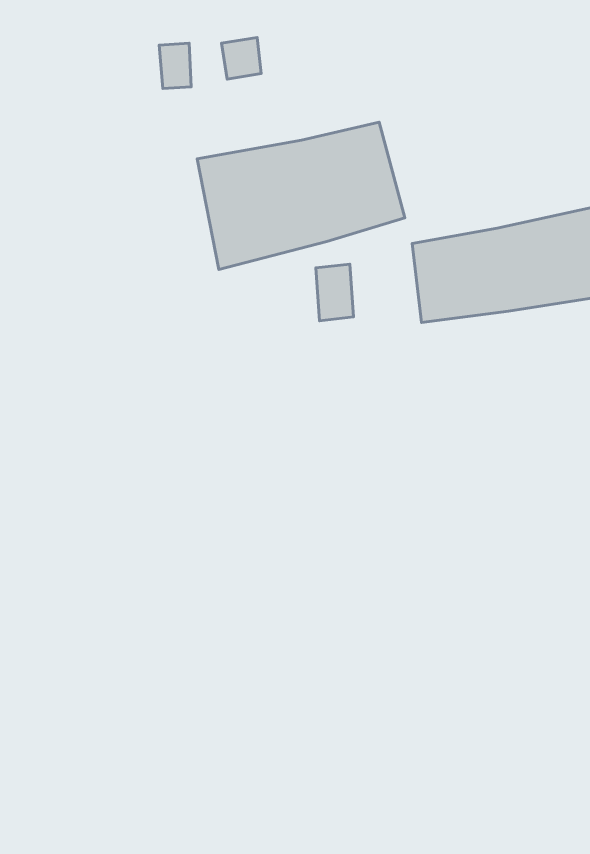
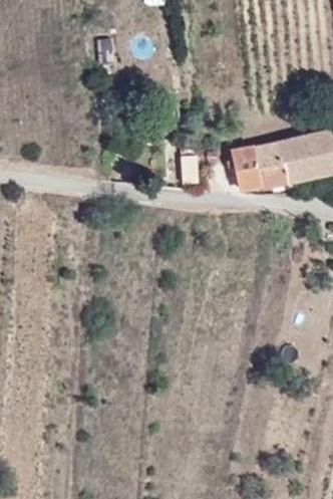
building: [197,122,405,270] -> none

